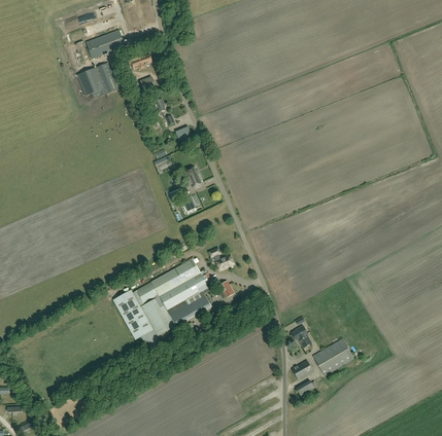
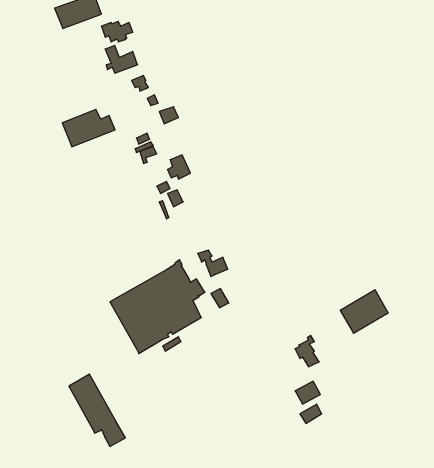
building: [77,63,123,95] -> [62,109,115,147]
building: [112,289,161,351] -> [69,374,125,446]
building: [312,338,353,375] -> [340,290,388,333]

